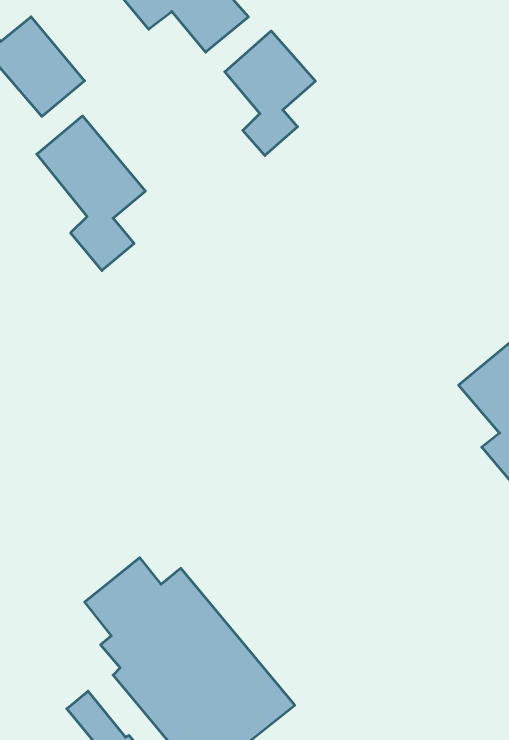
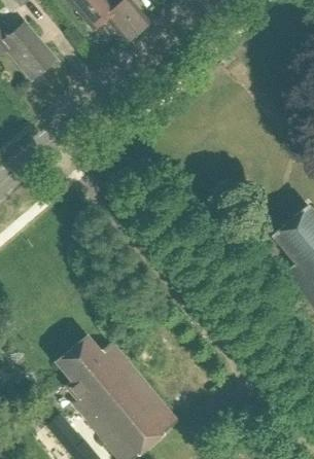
building: [225,31,315,156] -> none
building: [37,116,145,271] -> none

